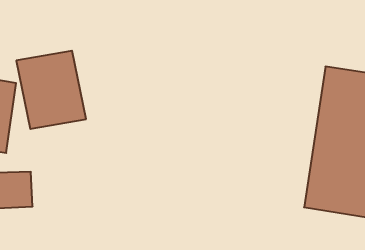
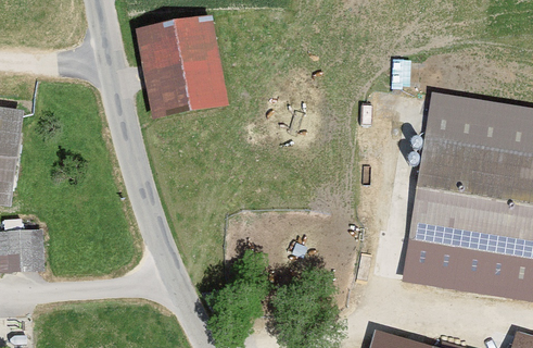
building: [16,51,86,129] -> [138,14,230,117]

